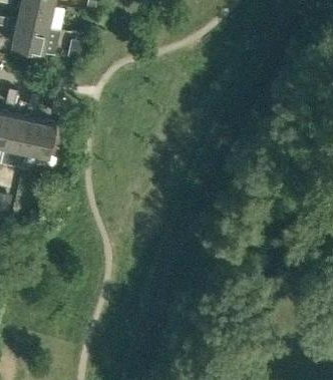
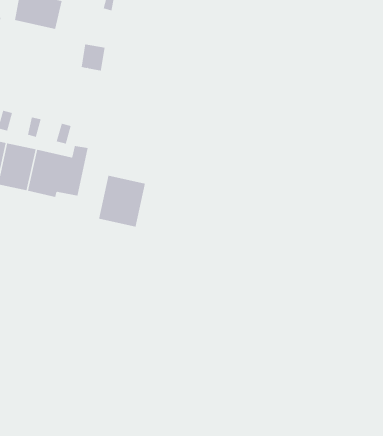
building: [10,22,48,53] -> none
building: none -> [99,175,145,227]

